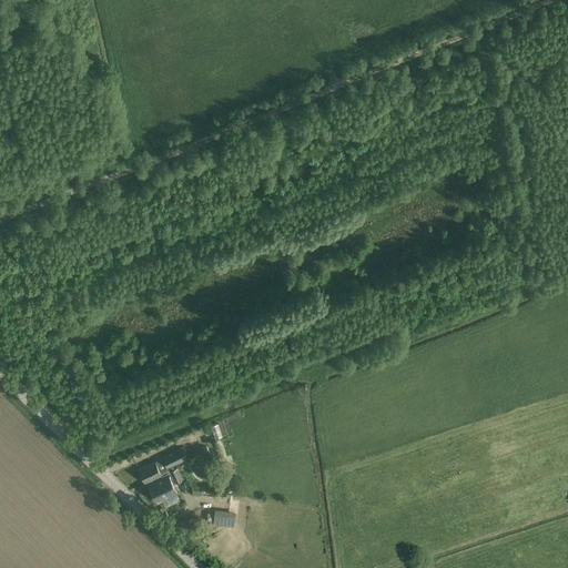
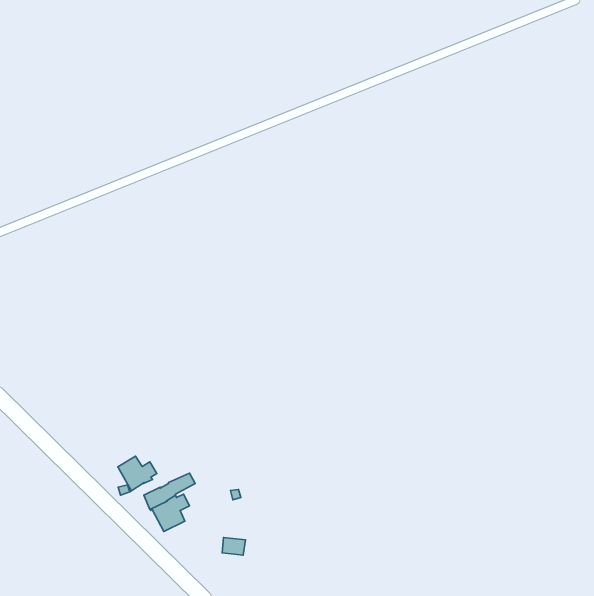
building: none -> [118,456,157,492]

